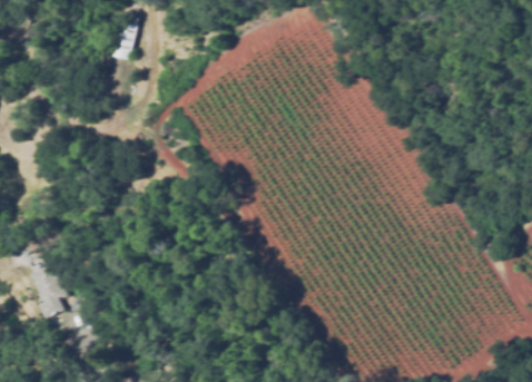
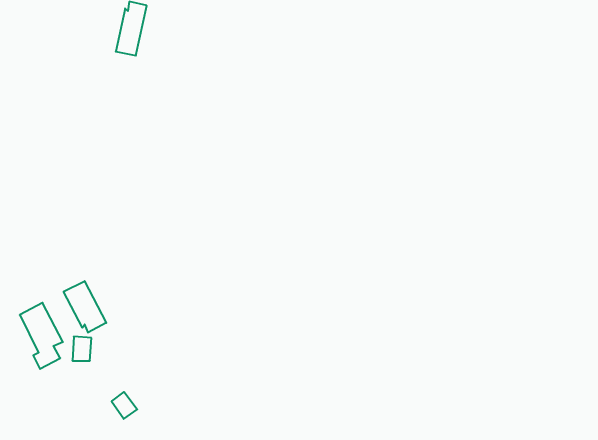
building: none -> [64,281,106,333]

